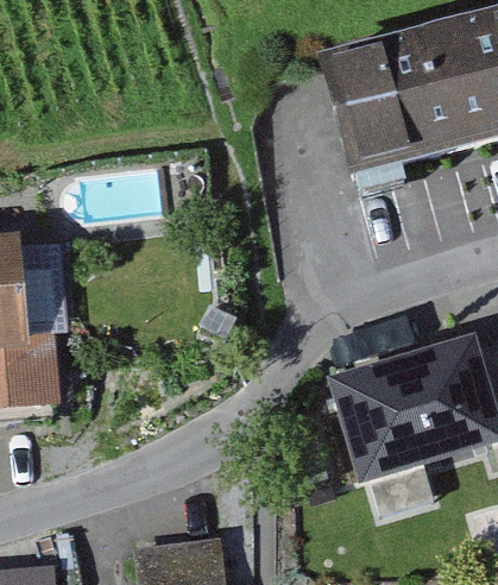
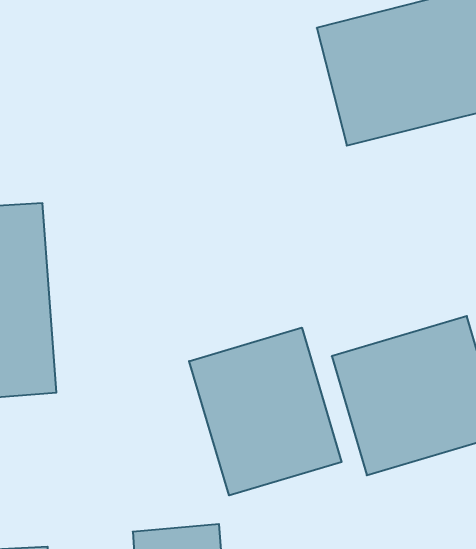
building: none -> [189,328,342,495]

